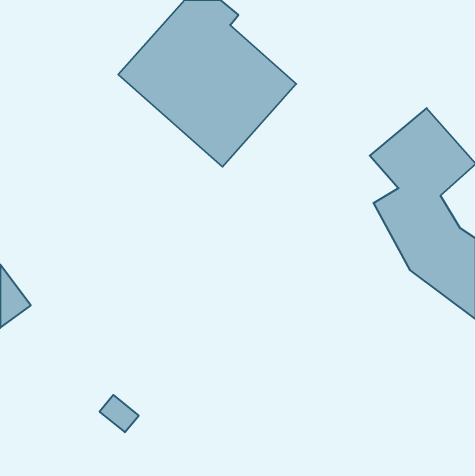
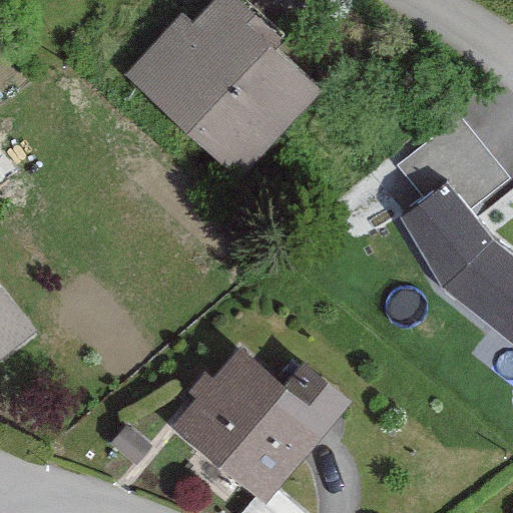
building: none -> [170,344,349,504]

